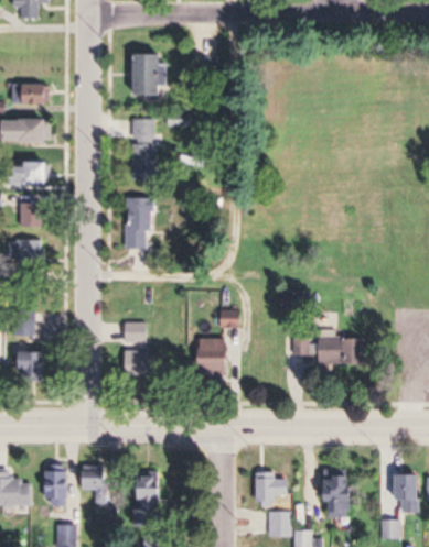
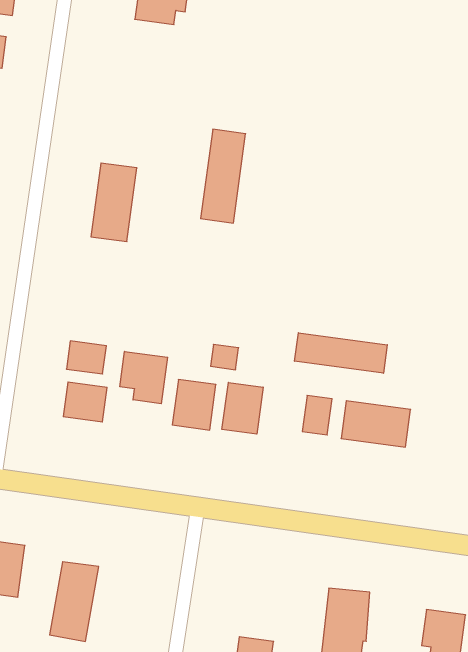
building: [133,118,157,180] -> [201,129,246,223]
building: none -> [295,333,387,373]
building: none -> [120,351,168,404]
building: none -> [222,382,263,434]
building: [256,471,289,505] -> none

